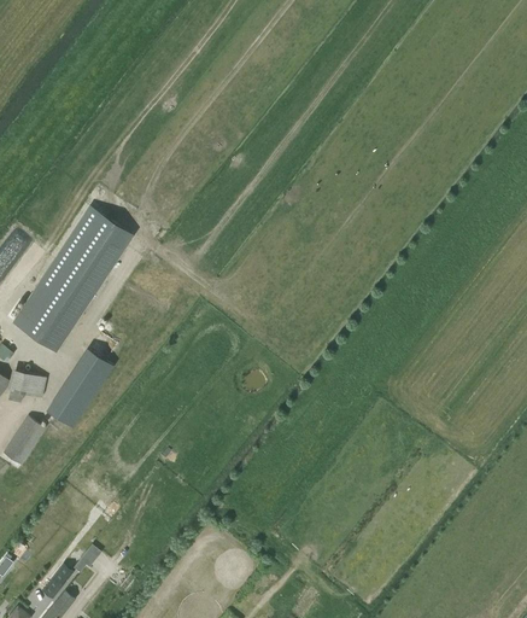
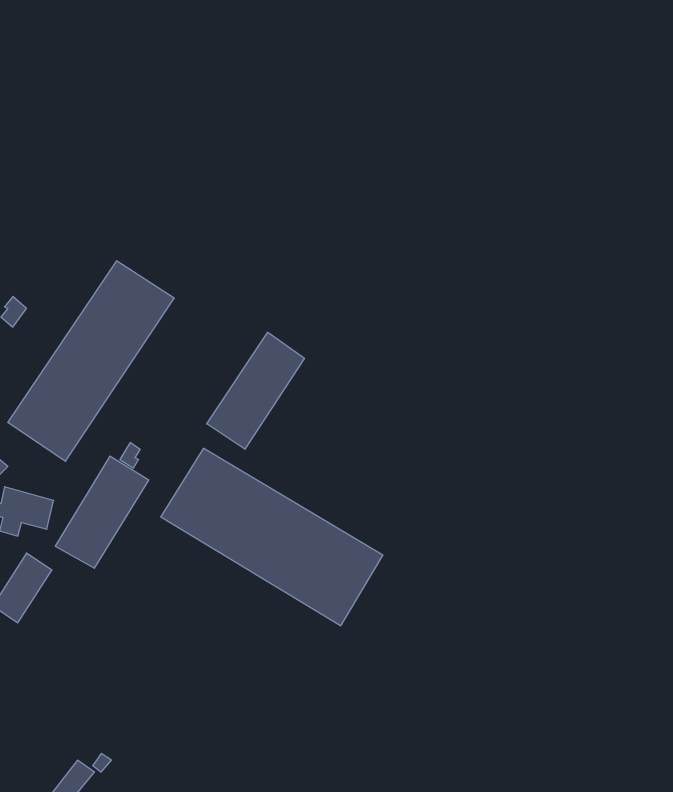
building: none -> [207,332,304,449]
building: none -> [161,448,383,626]

